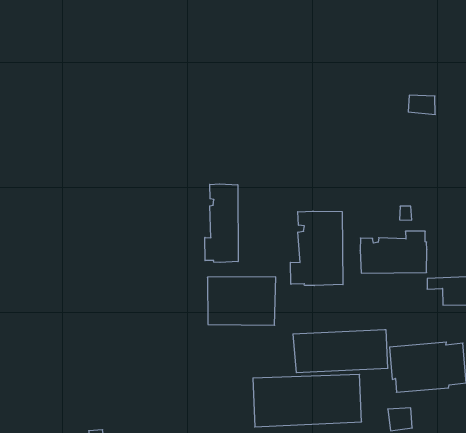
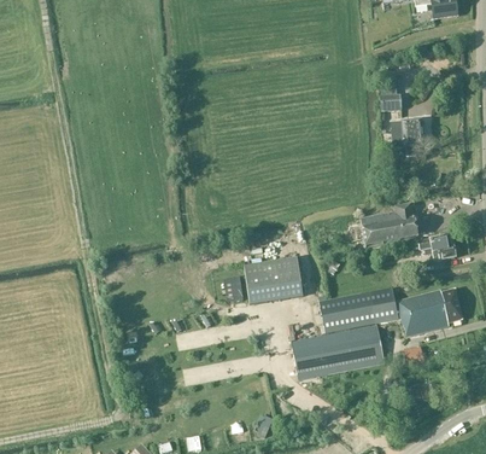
building: none -> [392,120,423,155]
building: [205,184,238,262] -> none
building: [290,211,343,286] -> none

